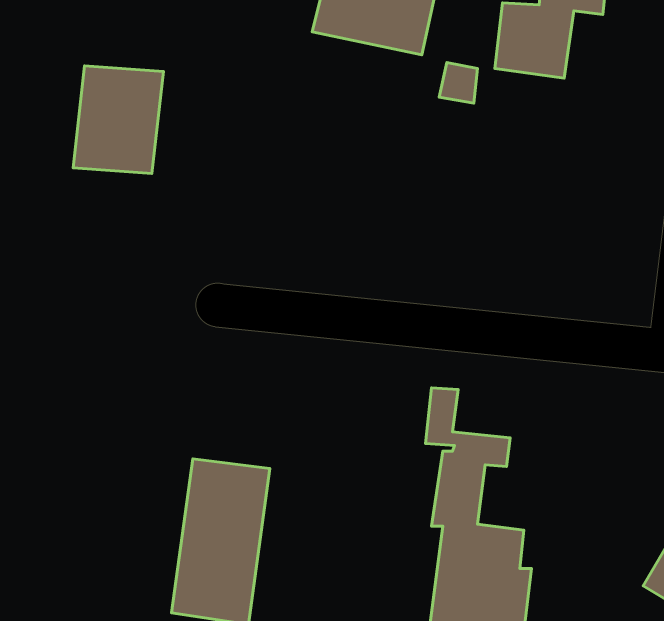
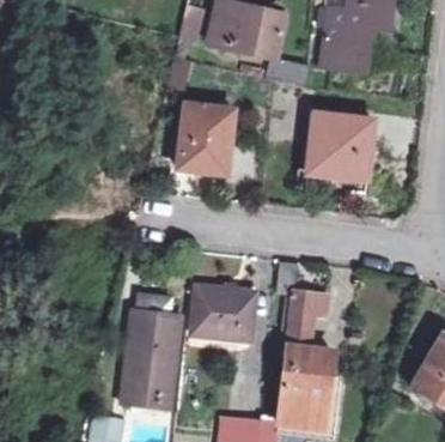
building: [73,66,164,173] -> [178,108,234,175]
building: none -> [309,111,374,178]
building: none -> [191,287,255,341]

